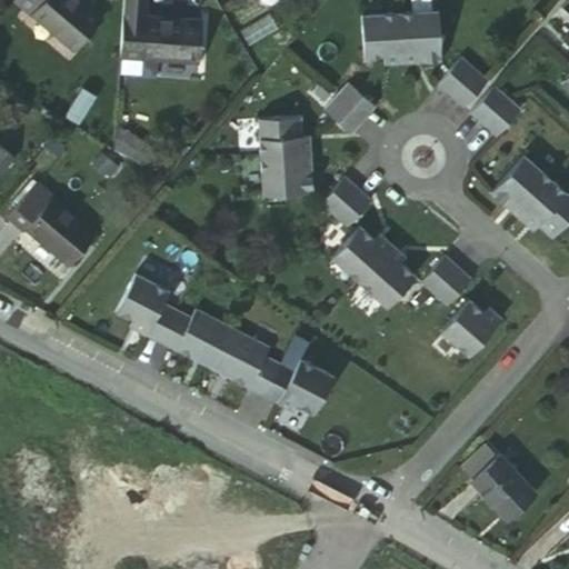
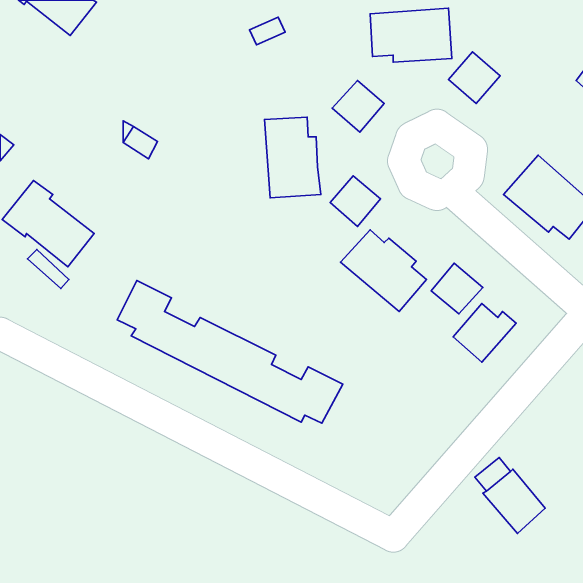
building: [120,10,201,61] -> none
building: [473,84,523,136] -> none

